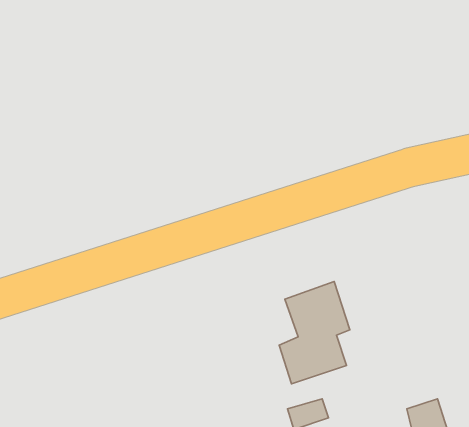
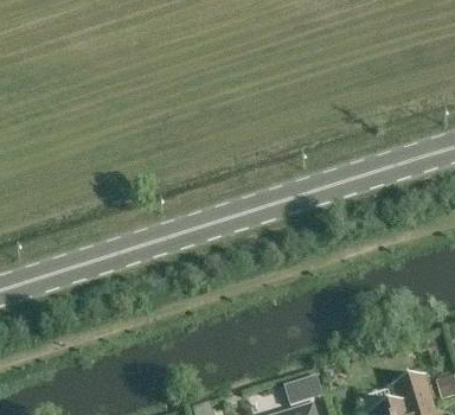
building: [279,281,350,384] -> none

